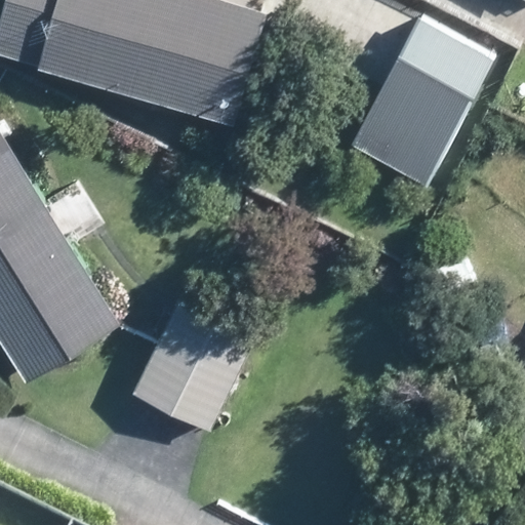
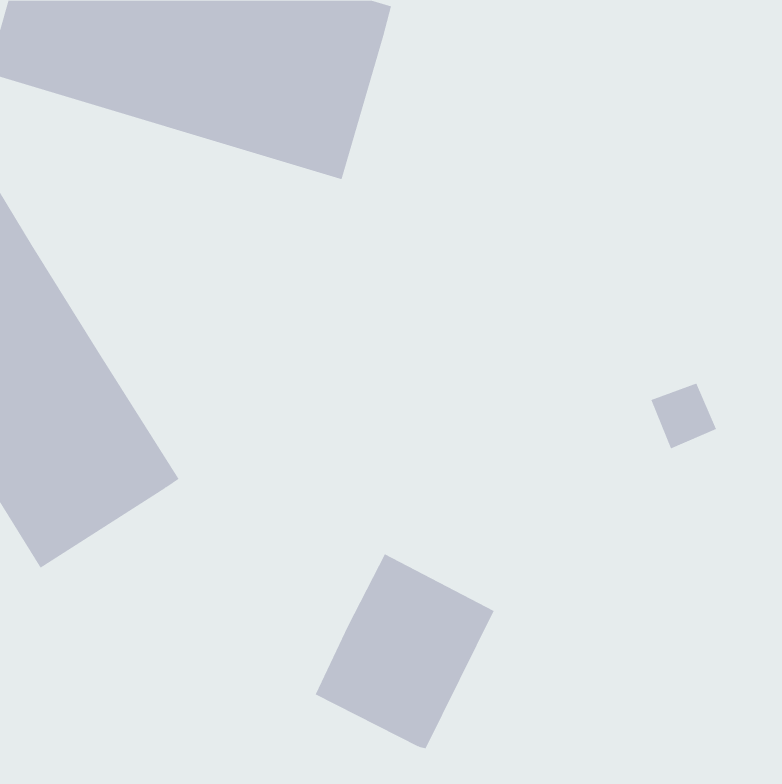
building: [351,19,493,186] -> none
building: [132,300,251,430] -> [315,553,494,749]

